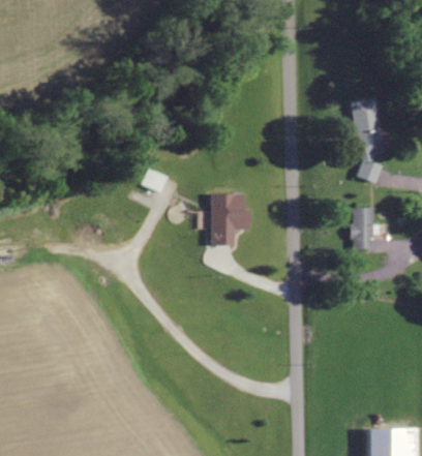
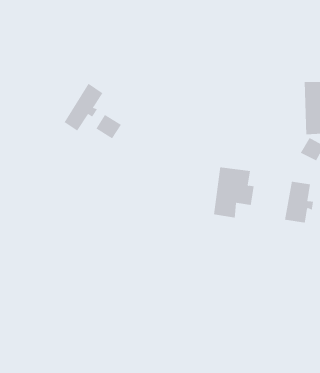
building: none -> [64,83,103,132]
building: [211,193,250,245] -> [213,167,254,218]

